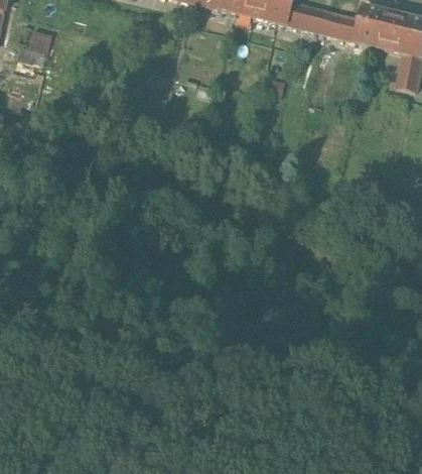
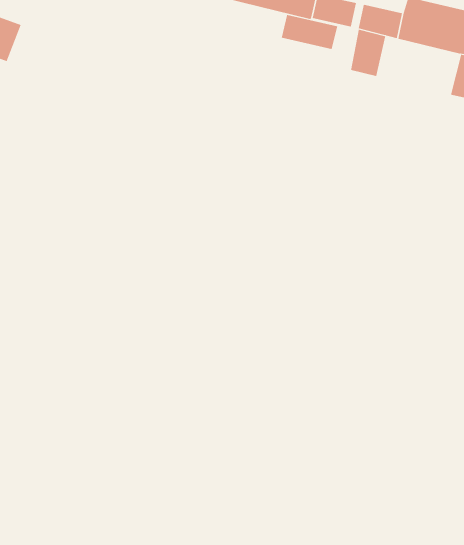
building: none -> [281,14,338,50]
building: none -> [350,29,386,77]

